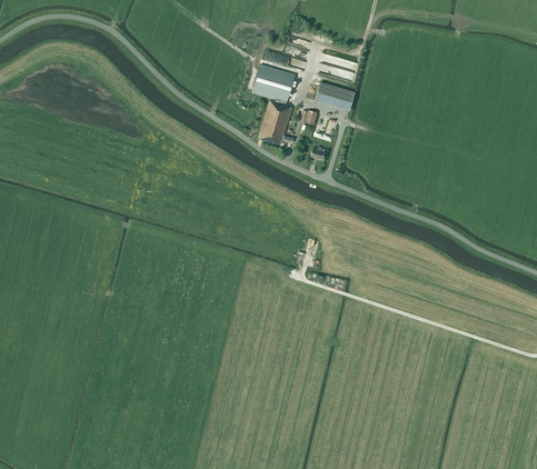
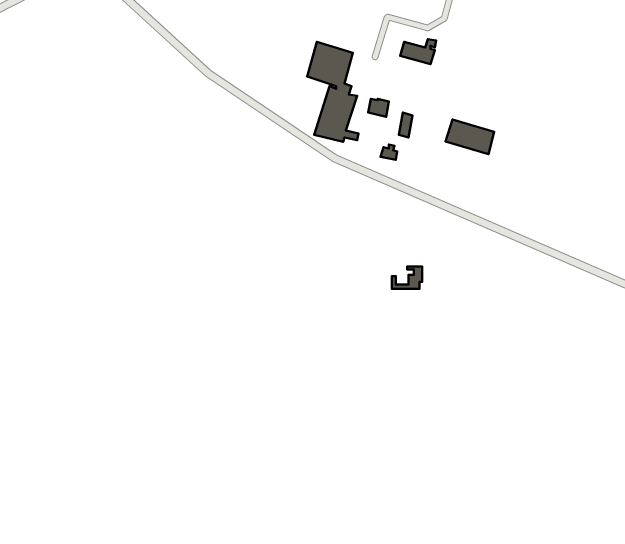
building: [316,82,355,110] -> [446,119,494,154]

